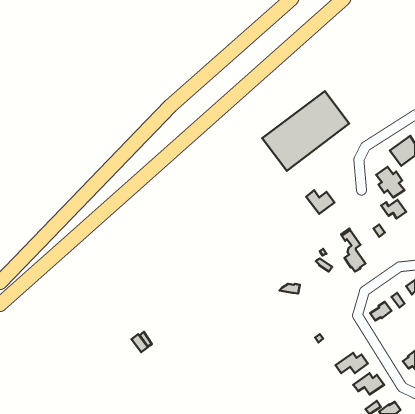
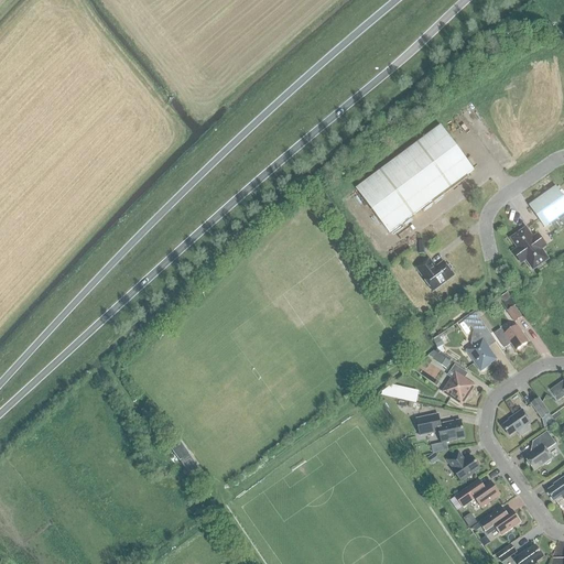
building: [381,200,406,218] -> [495,324,529,349]
building: none -> [443,364,475,402]
building: none -> [416,413,465,442]
building: none -> [525,430,555,468]
building: none -> [447,451,480,480]

